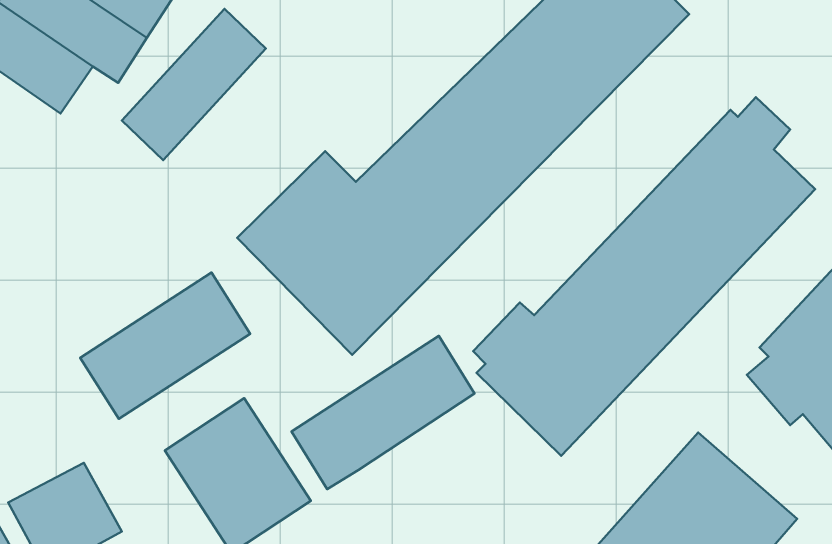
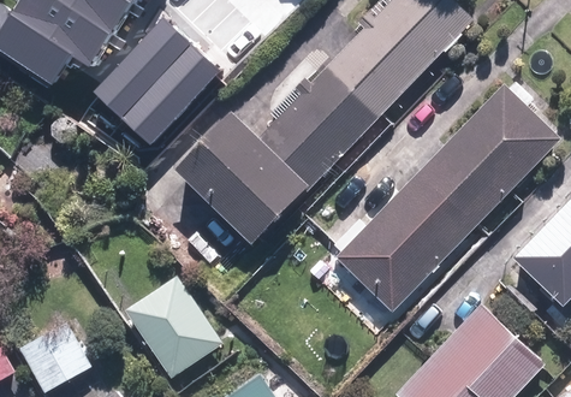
building: none -> [123,43,221,144]
building: [80,272,250,419] -> none
building: [292,336,475,489] -> none

